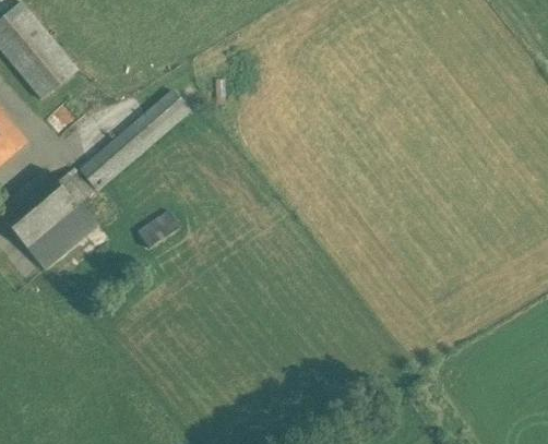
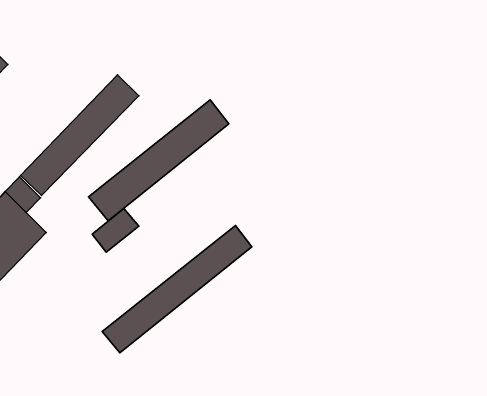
building: none -> [88,100,229,221]
building: none -> [102,225,252,353]

